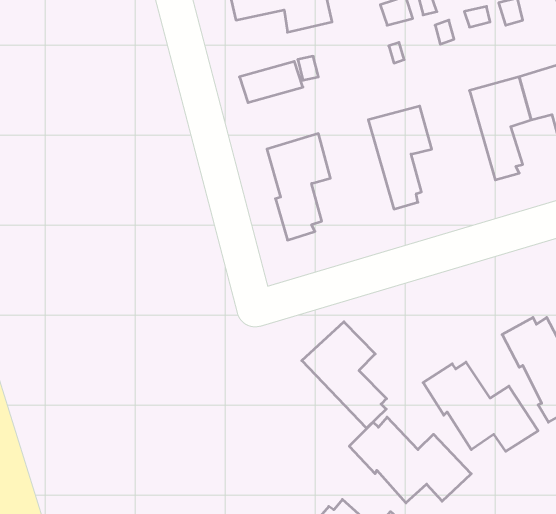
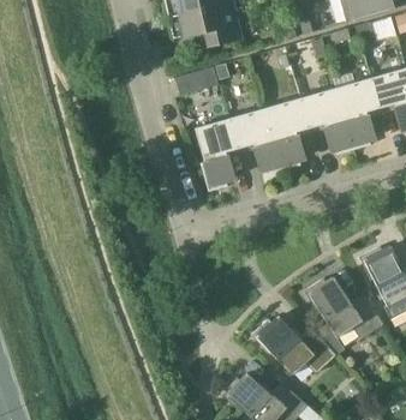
building: none -> [301,86,354,154]
building: none -> [231,107,283,174]
building: [302,322,387,428] -> none

